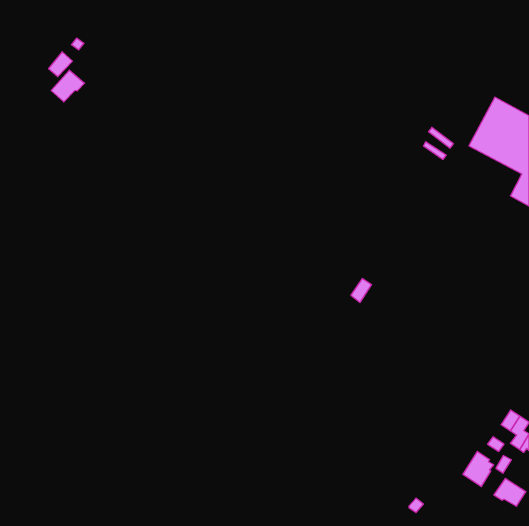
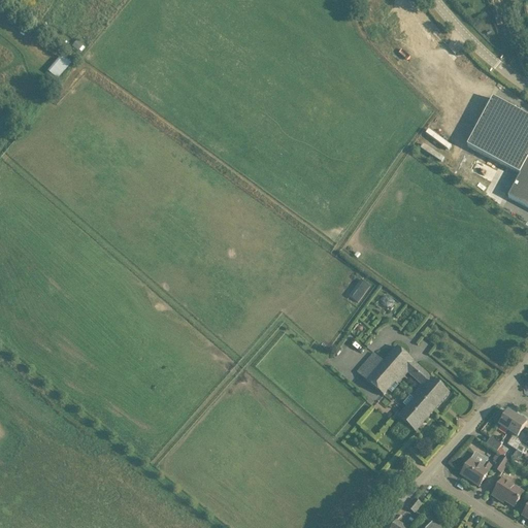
building: [51,70,85,102] -> none
building: none -> [360,345,450,430]

